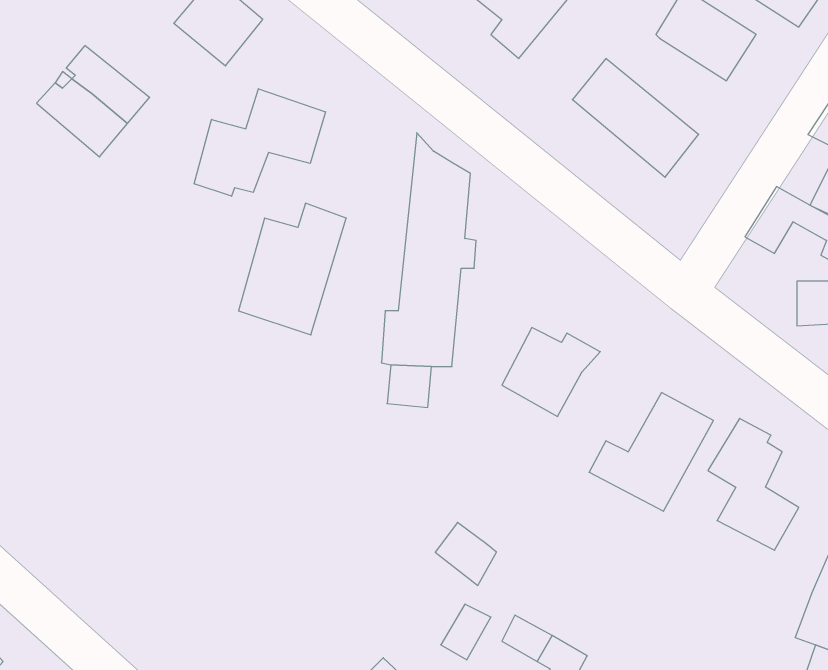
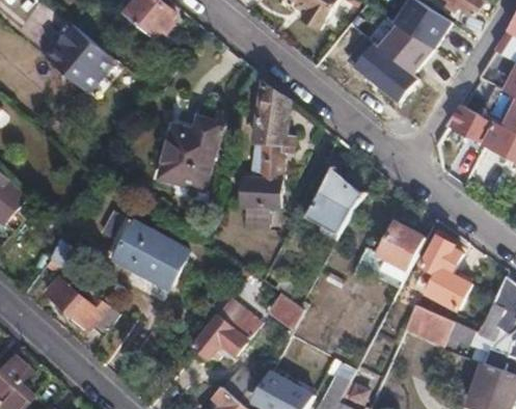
building: none -> [377,23,433,72]
building: [194,89,326,196] -> none
building: none -> [117,222,189,289]
building: none -> [48,275,120,335]
building: none -> [194,303,260,356]
building: none -> [406,304,456,344]

